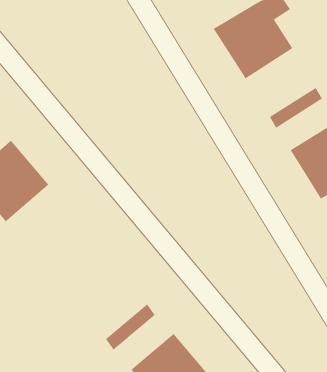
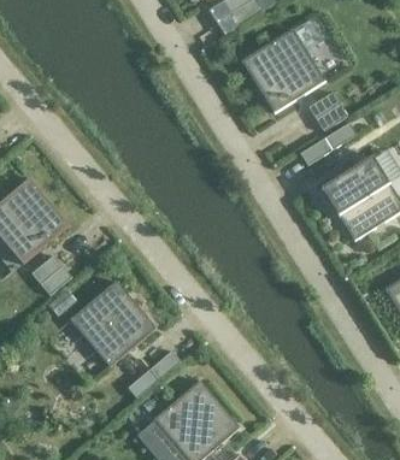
building: none -> [307,92,347,131]
building: none -> [30,254,71,295]
building: none -> [69,281,154,366]

